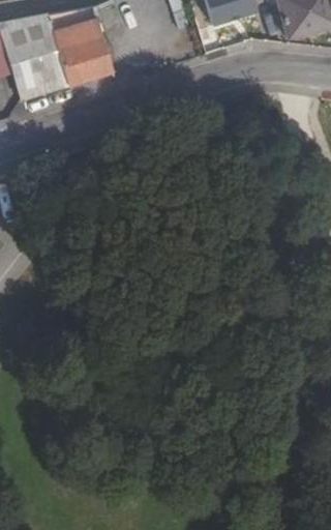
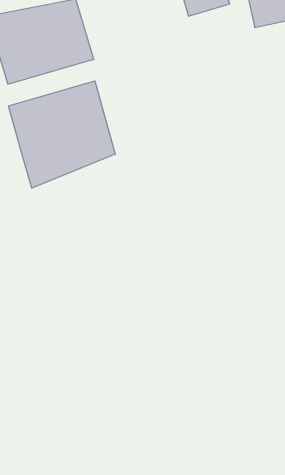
building: none -> [9,81,115,188]

